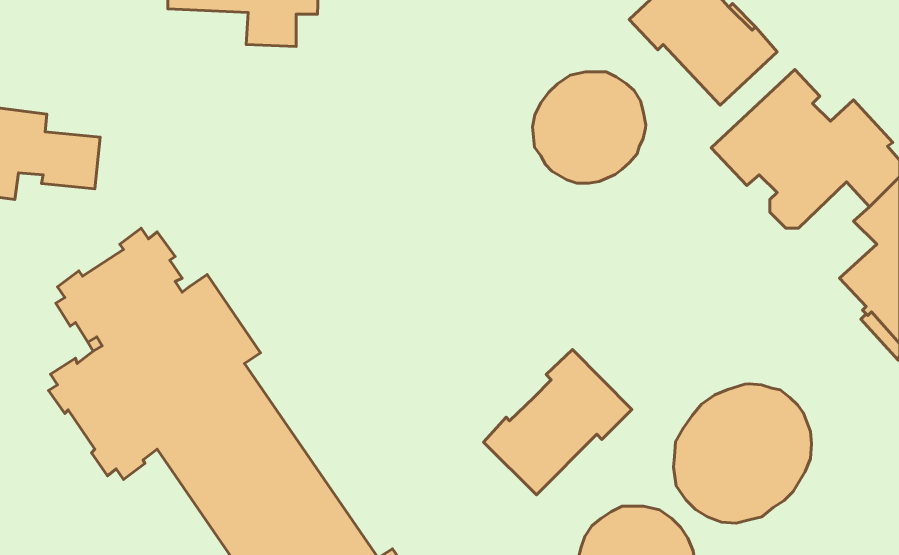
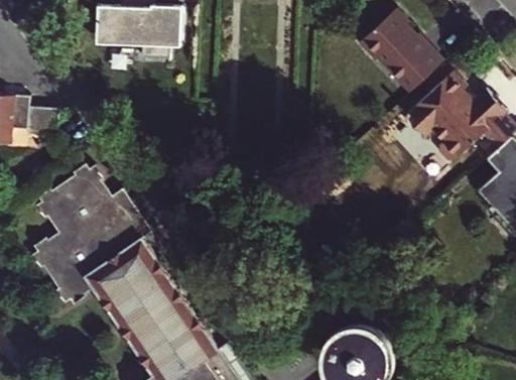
building: [532,72,646,183] -> none
building: [483,350,632,495] -> none
building: [674,384,811,523] -> none

